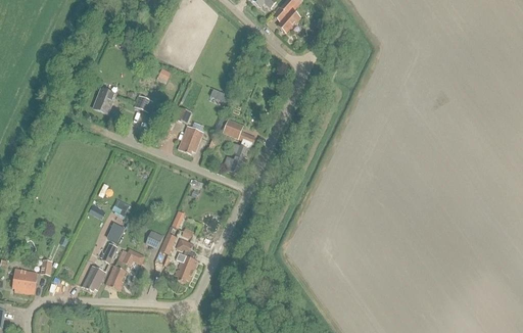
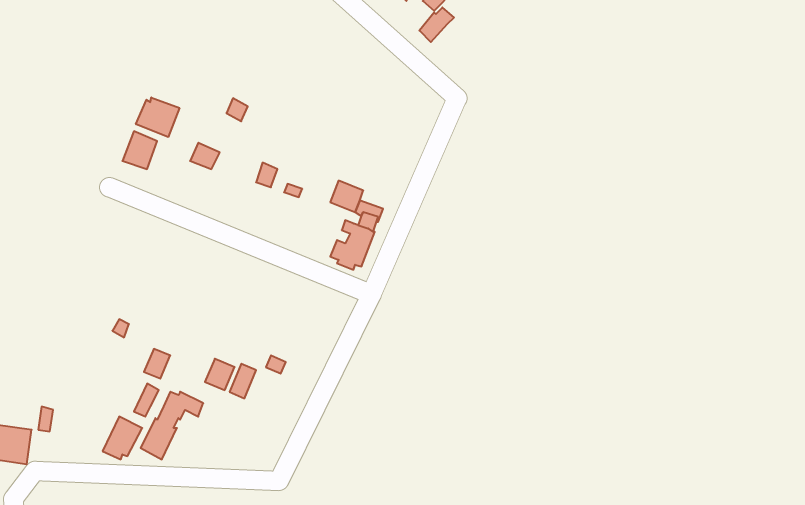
building: none -> [136,97,179,137]
building: [178,127,201,155] -> none
building: [174,238,197,283] -> none

